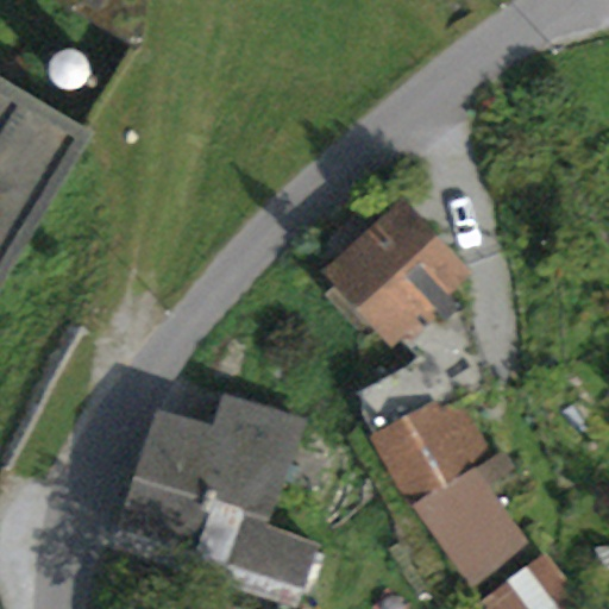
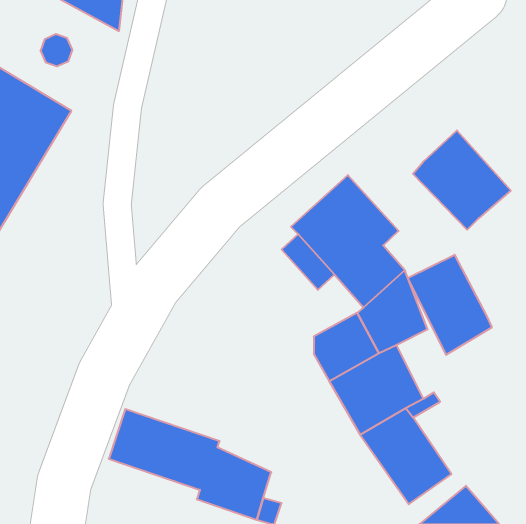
building: none -> [413,130,511,230]
building: none -> [408,255,492,355]
building: [144,397,300,507] -> none

